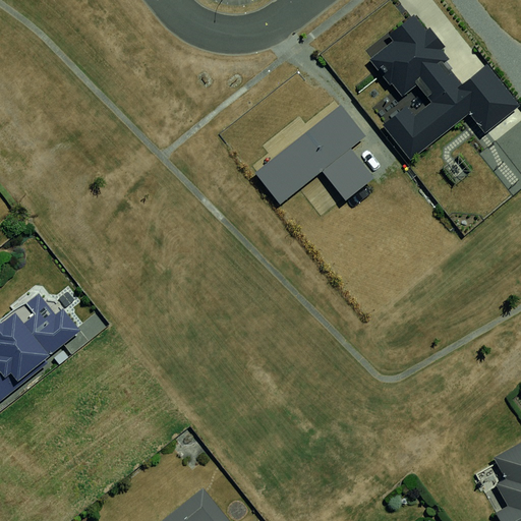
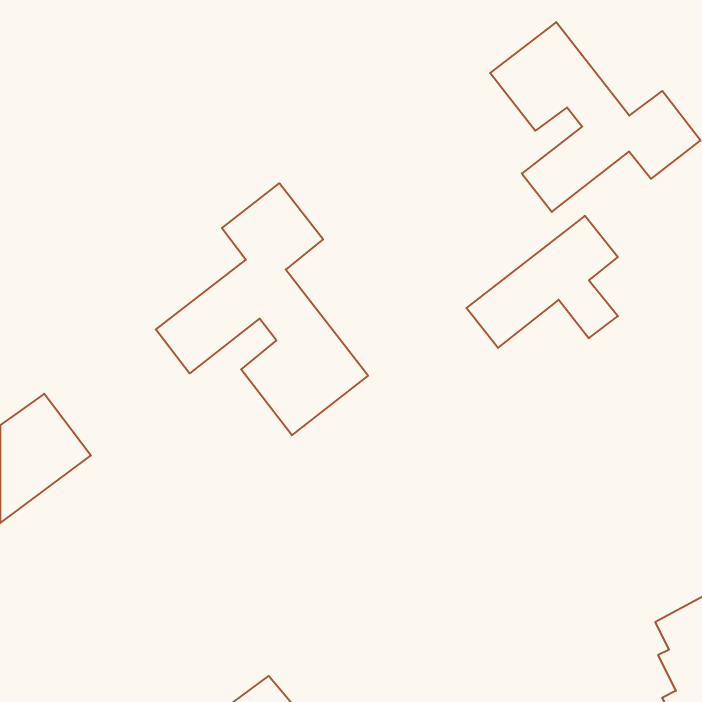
building: [256,106,368,204] -> [466,216,618,348]
building: none -> [156,183,368,435]

